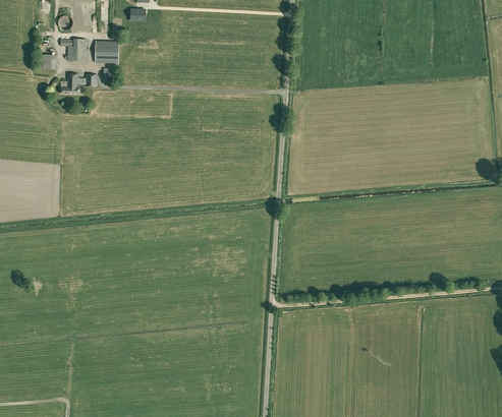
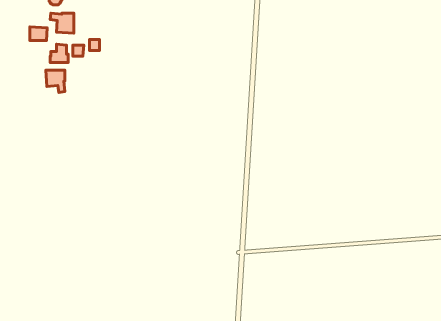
building: [96,41,119,63] -> none
building: none -> [46,70,65,92]

